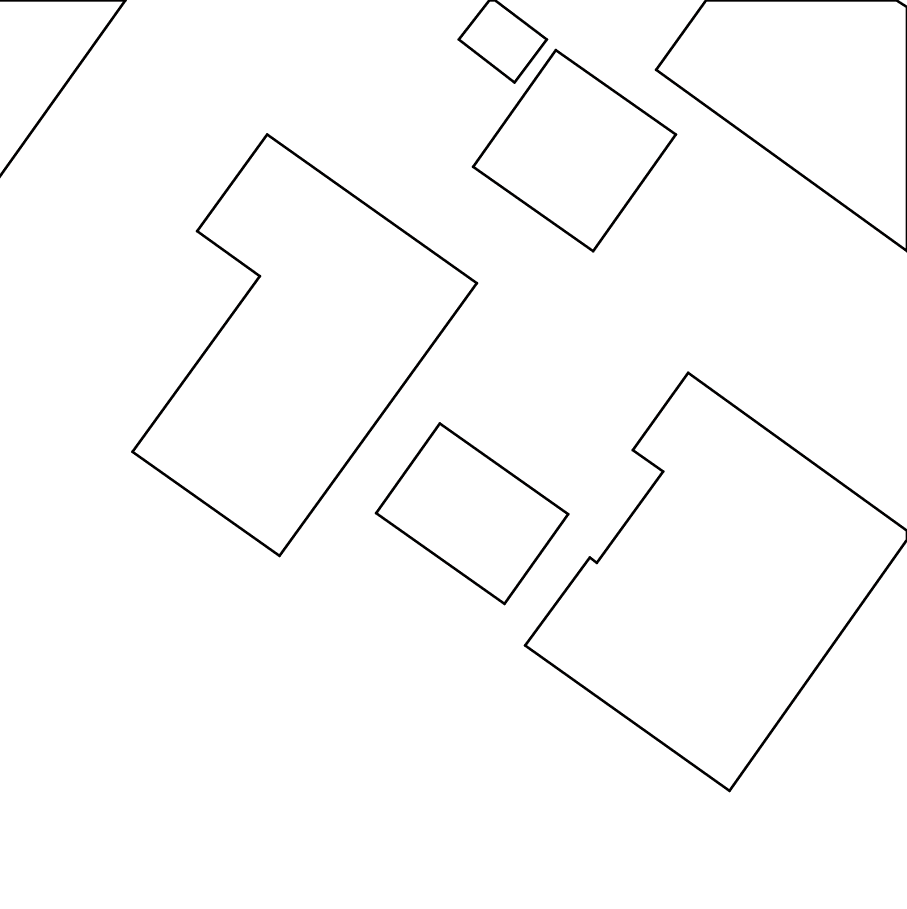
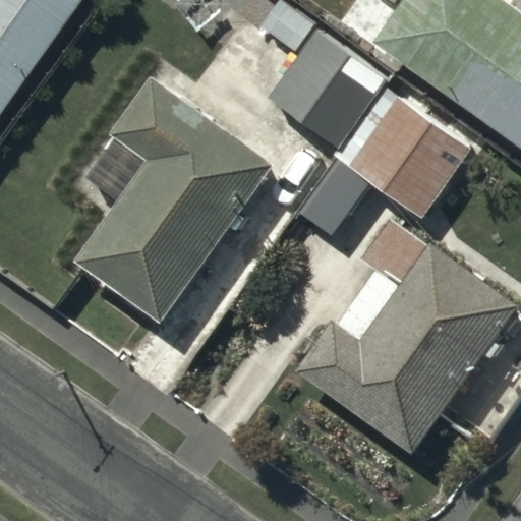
building: none -> [334,90,470,221]
building: [376,423,568,604] -> none

